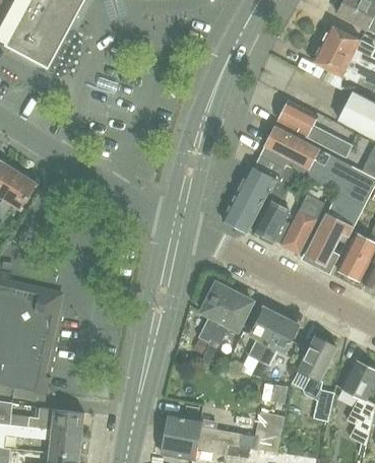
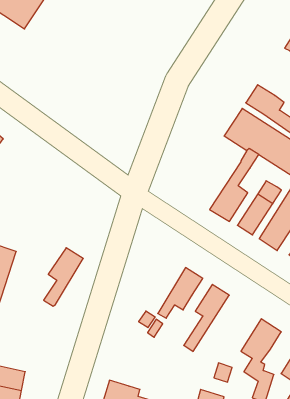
building: [222,155,284,232] -> none
building: [198,282,234,342] -> [44,248,83,306]
building: [250,315,299,377] -> none

